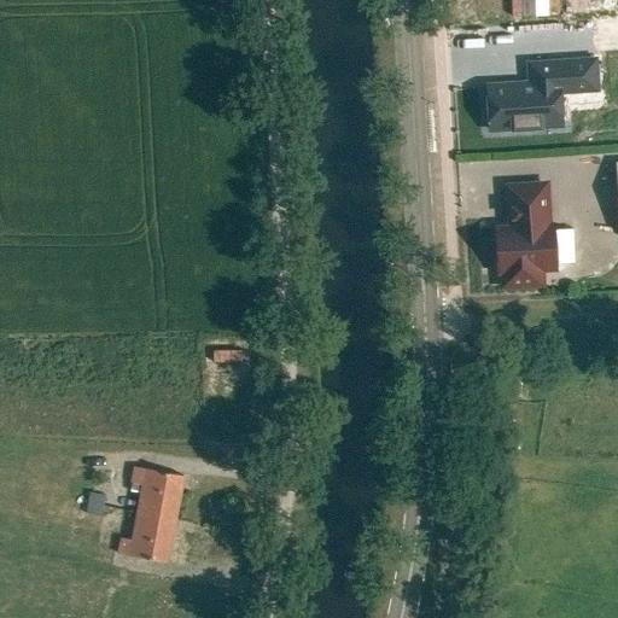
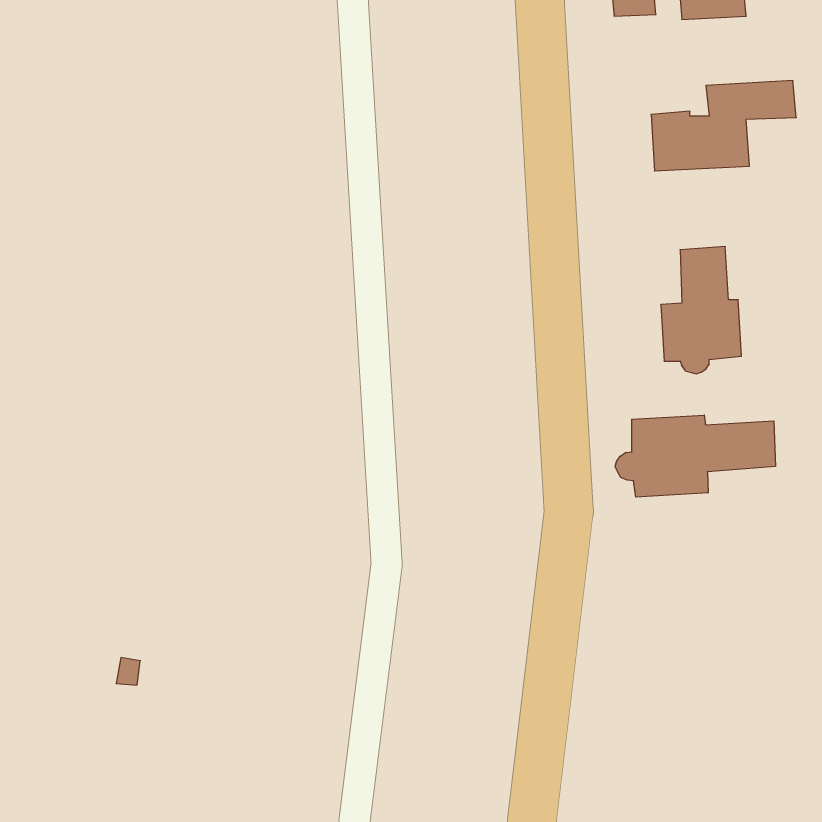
building: none -> [615,415,775,497]
building: [119,466,183,561] -> none

